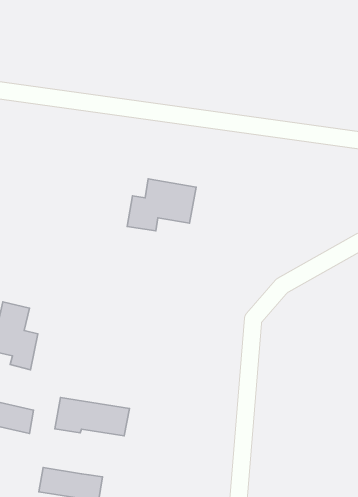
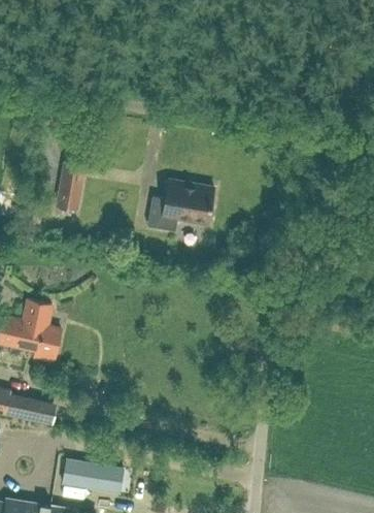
building: none -> [57,162,84,210]
building: [55,397,130,436] -> none

